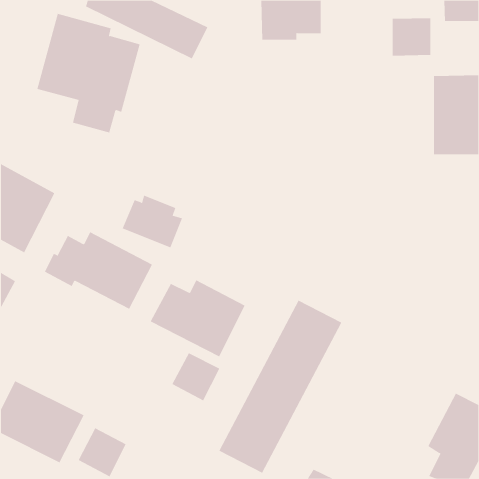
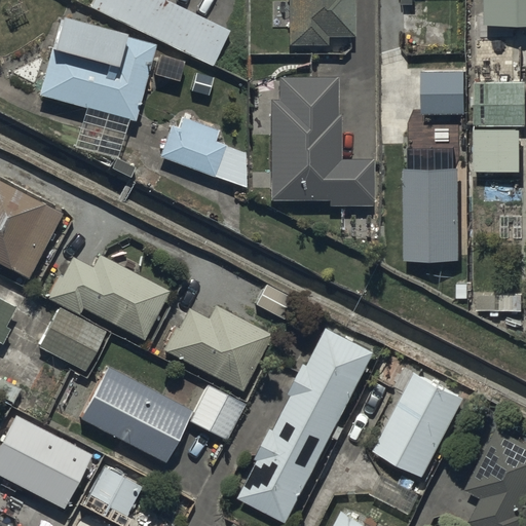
building: [392,18,431,56] -> [422,69,465,111]
building: none -> [267,76,372,208]
building: none -> [407,166,459,257]
building: [122,195,183,248] -> [158,118,225,177]
building: none -> [38,307,103,370]
building: none -> [81,367,191,461]
building: none -> [374,371,462,475]

